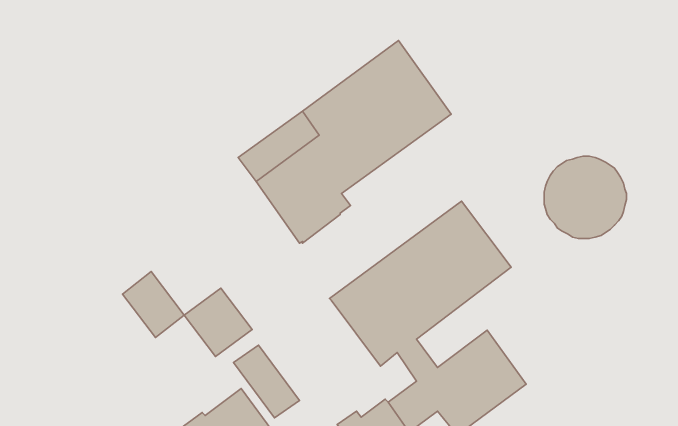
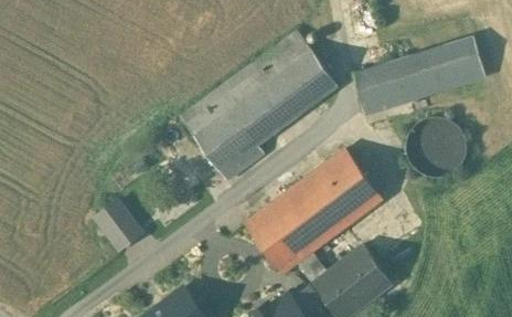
building: none -> [353,35,483,110]
building: [184,288,252,357] -> none
building: [234,345,299,418] -> none

